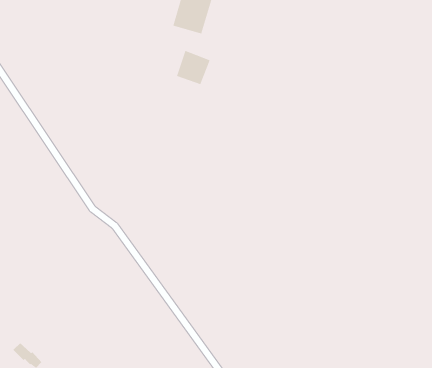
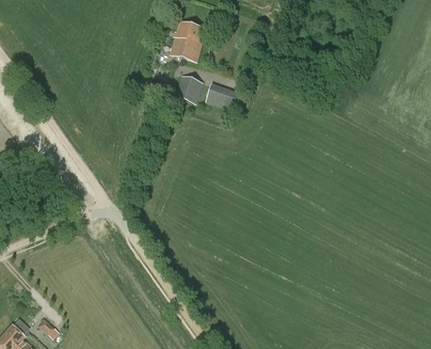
building: none -> [205,81,241,110]

